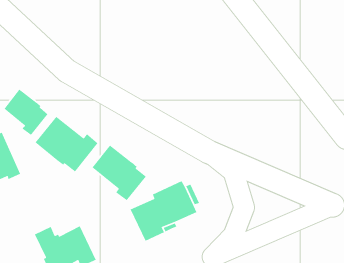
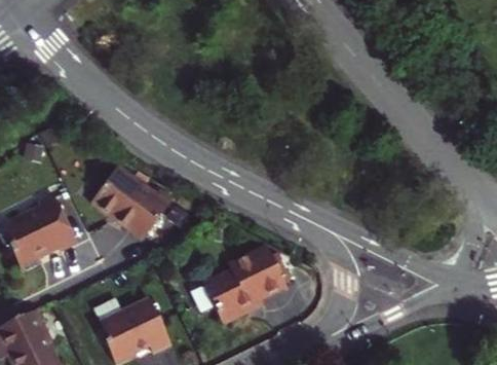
building: [3,89,49,136] -> none
building: [92,144,147,201] -> none

